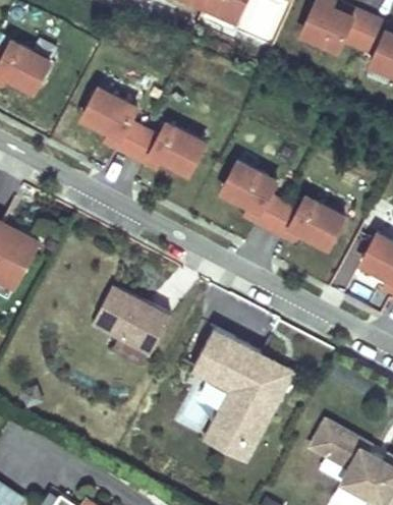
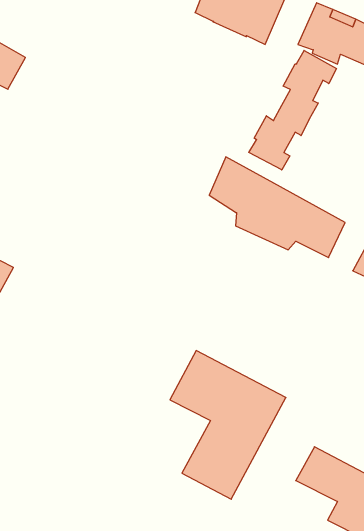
building: none -> [249,50,336,170]
building: [81,82,209,170] -> none
building: [87,287,168,359] -> none

